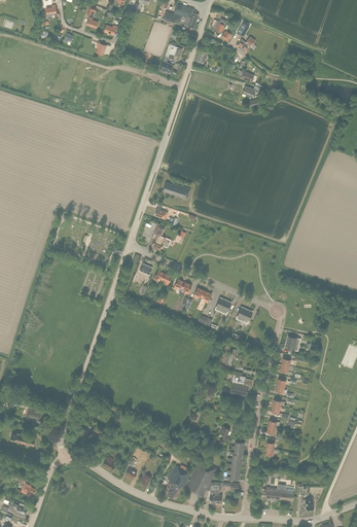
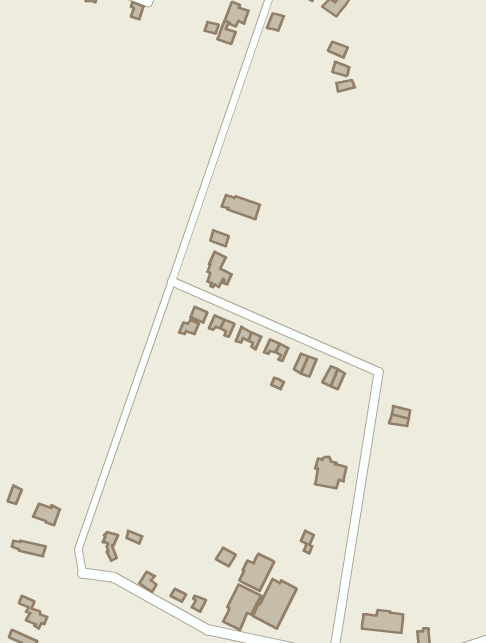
building: none -> [240,554,274,591]

